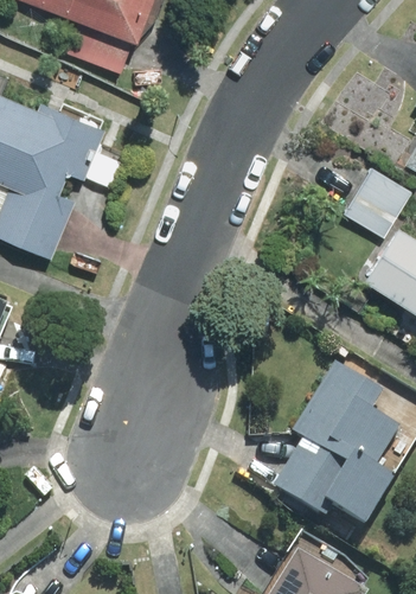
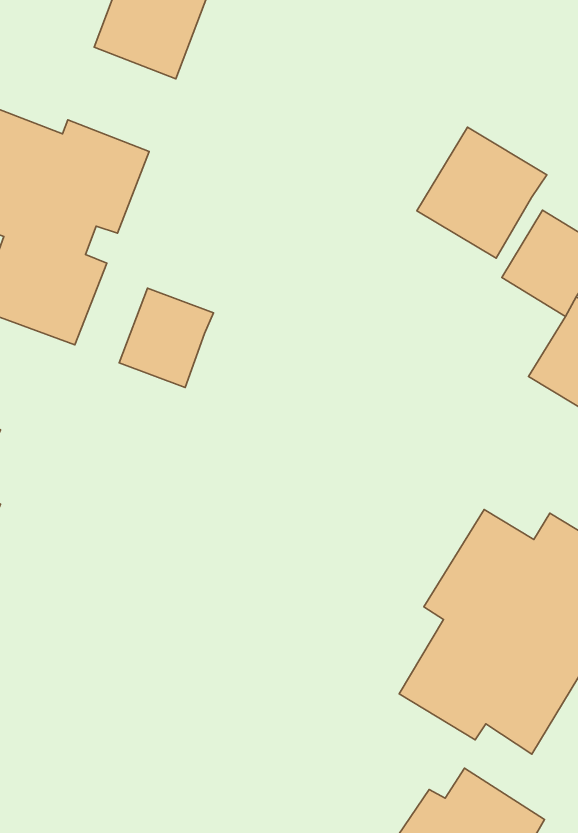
building: none -> [417,127,547,258]
building: none -> [119,288,213,388]

